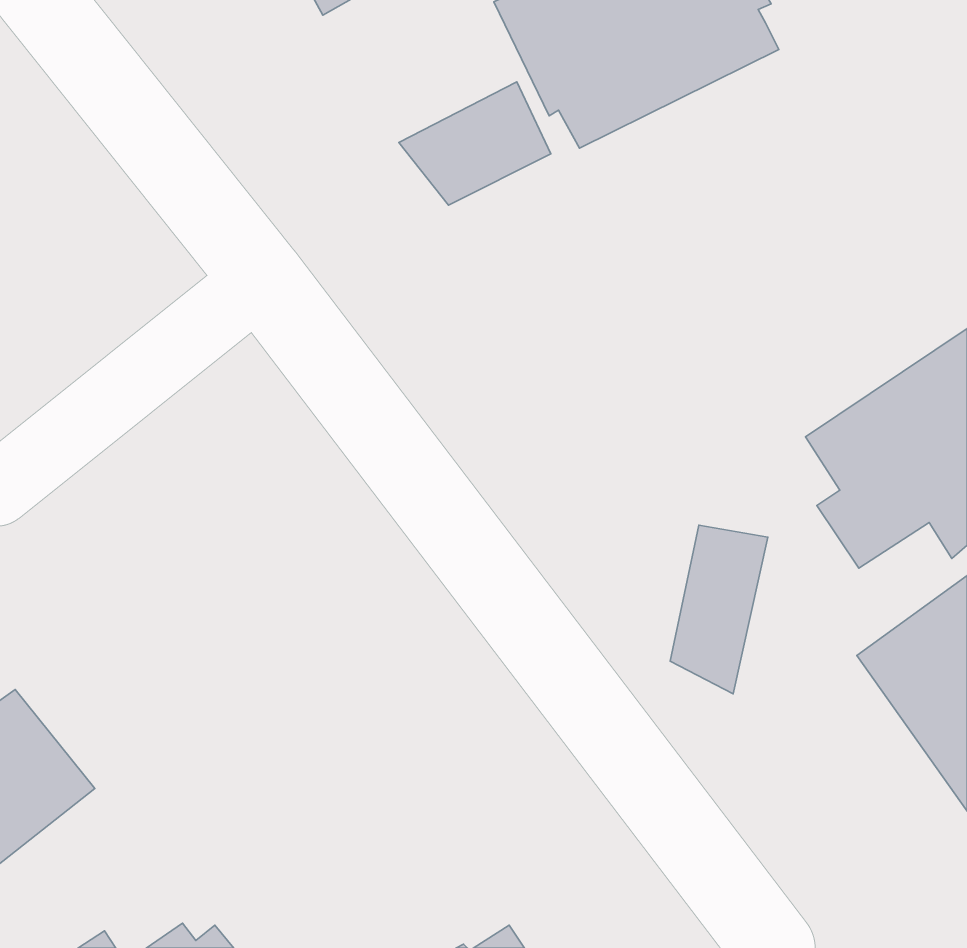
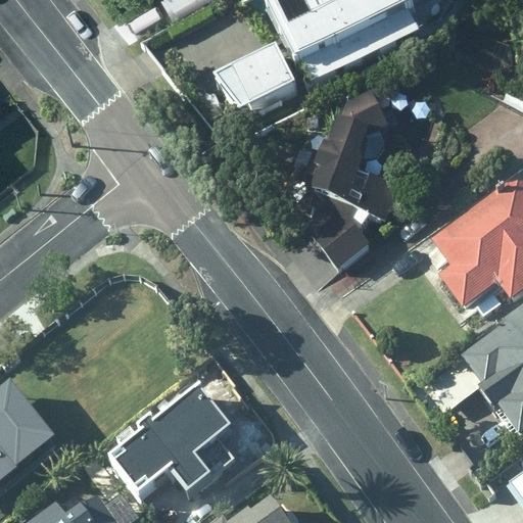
building: none -> [305,88,397,267]
building: [670,525,768,694] -> none
building: none -> [111,393,233,494]

